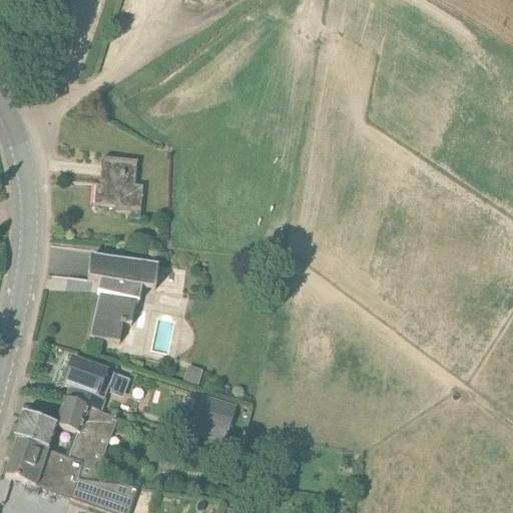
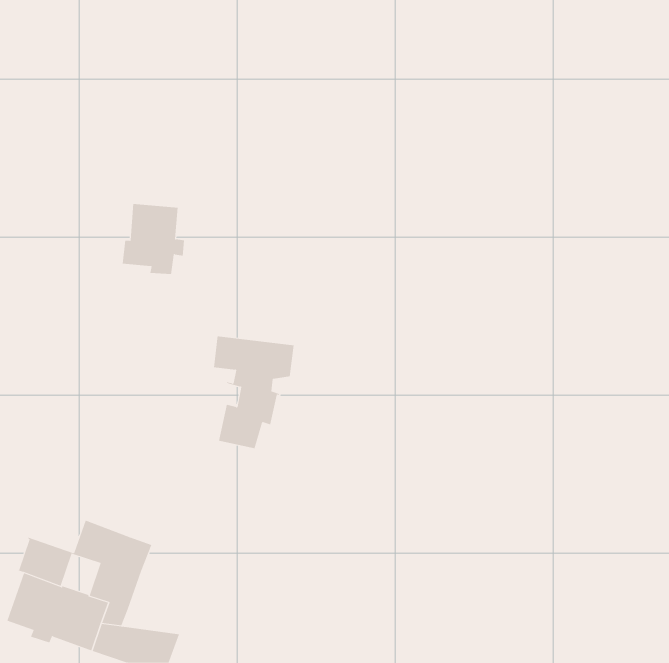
building: [88,253,150,340] -> [213,336,294,449]
building: [63,356,126,410] -> none
building: [197,397,235,437] -> none

